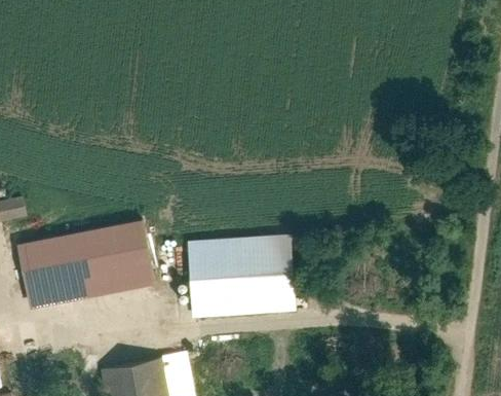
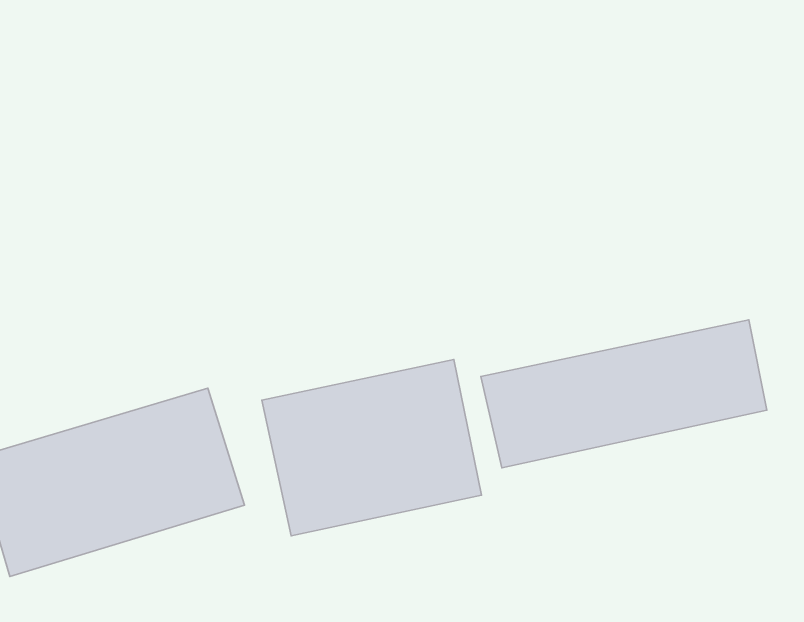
building: none -> [481,320,767,468]

